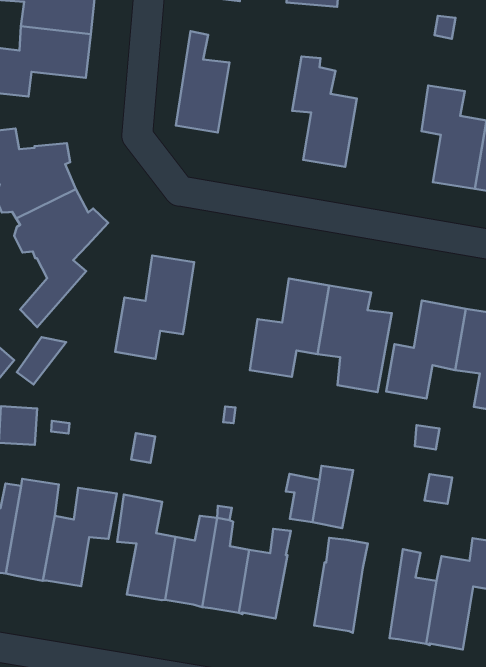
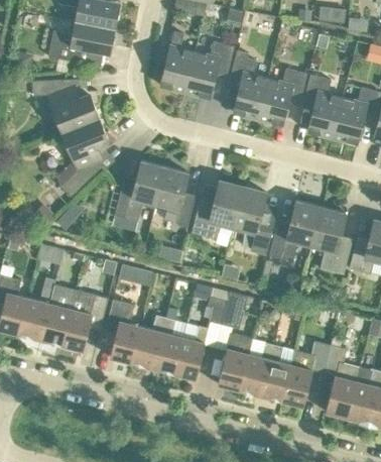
building: none -> [184,41,234,98]
building: none -> [257,69,306,125]
building: none -> [155,166,194,226]
building: none -> [239,342,272,395]

